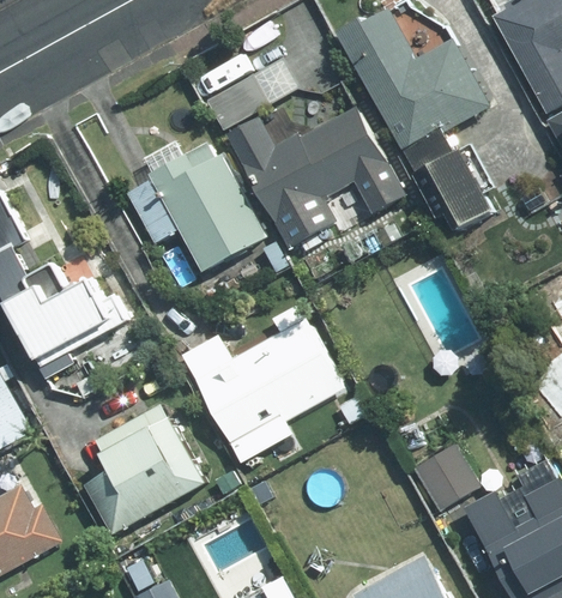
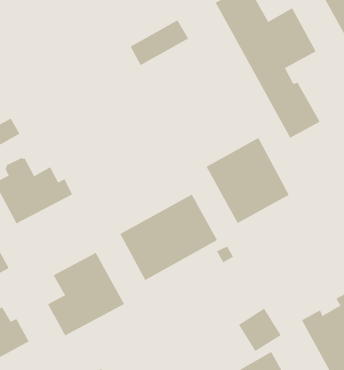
building: [226,108,386,224] -> none
building: [125,141,265,270] -> none
building: none -> [206,137,290,224]
building: [413,443,478,509] -> [238,308,281,352]

